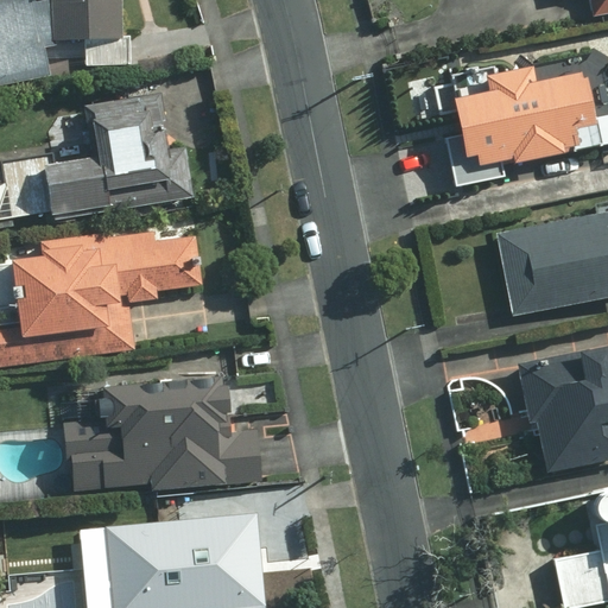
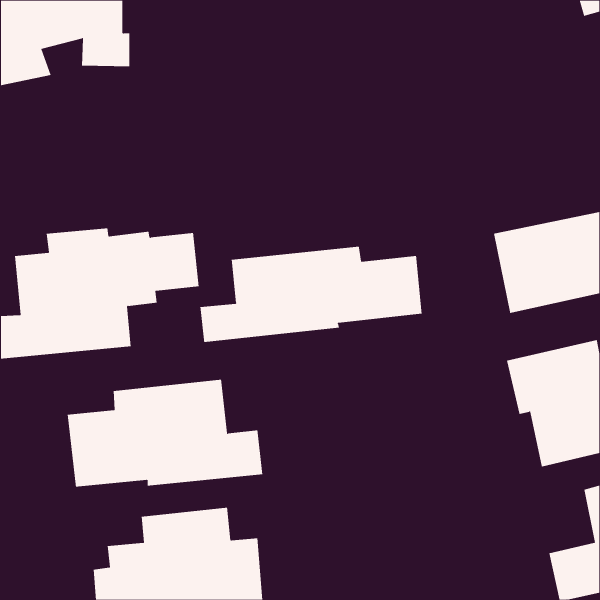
building: [443,64,602,188] -> none
building: [6,93,194,224] -> none
building: none -> [200,246,422,343]

